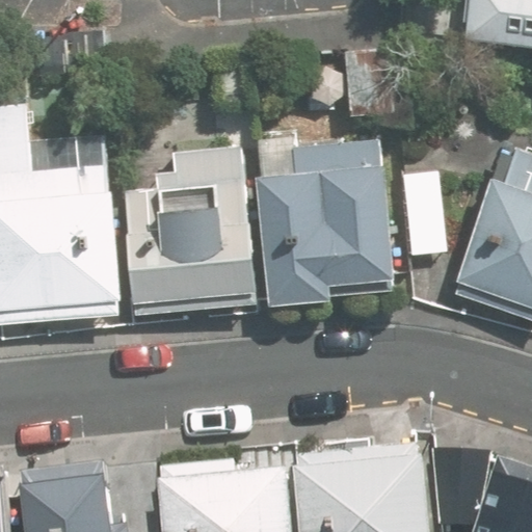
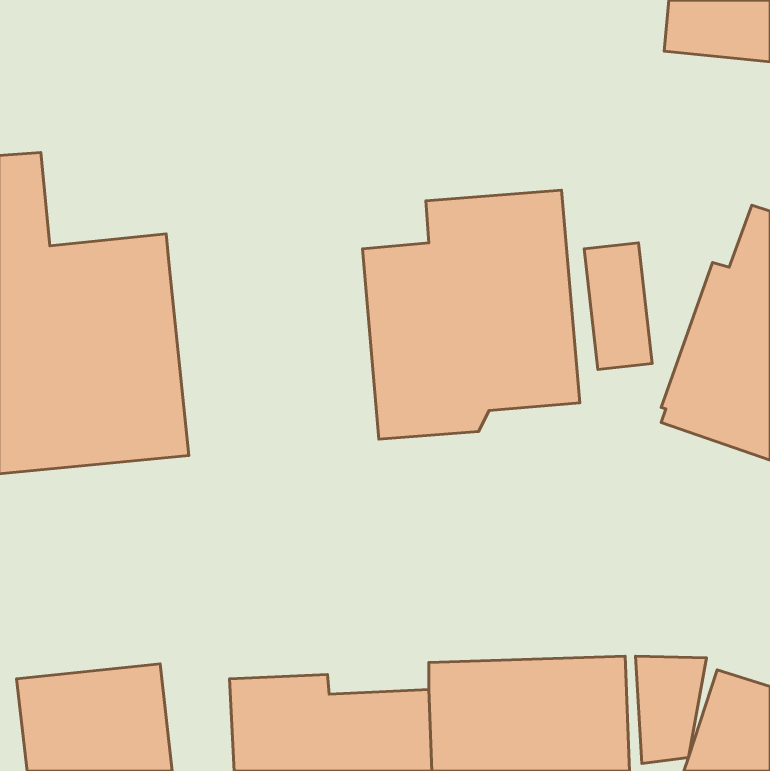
building: [116,171,261,314] -> none

